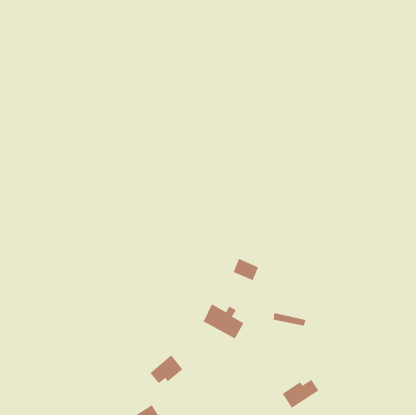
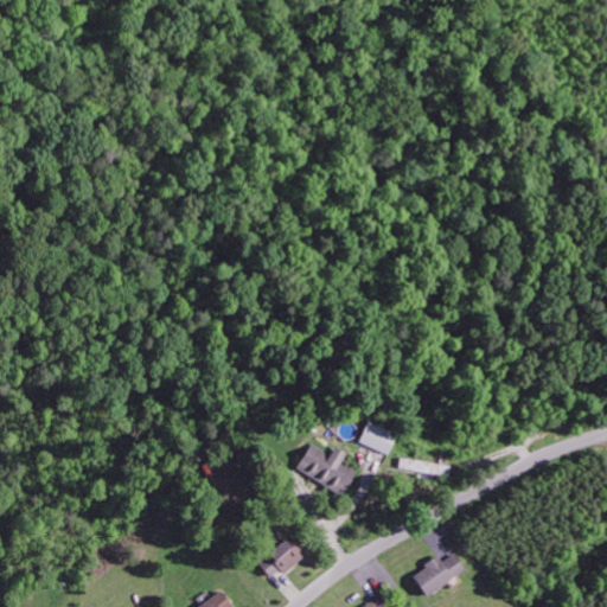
building: [233,258,259,281] -> [358,422,396,455]
building: [150,354,183,384] -> [256,535,305,577]

